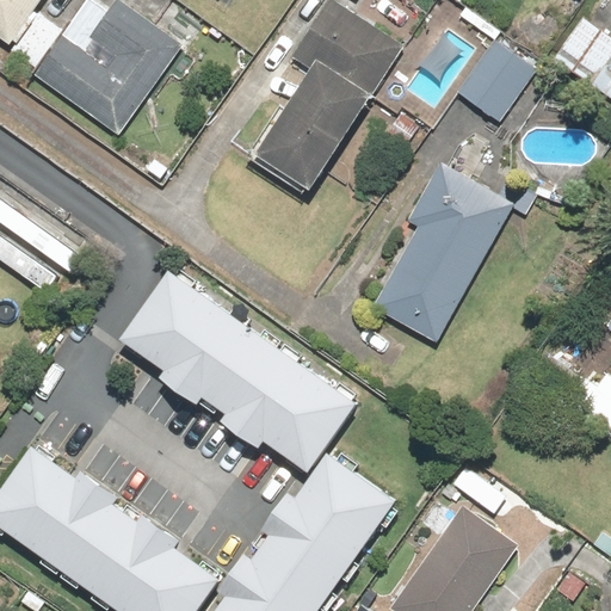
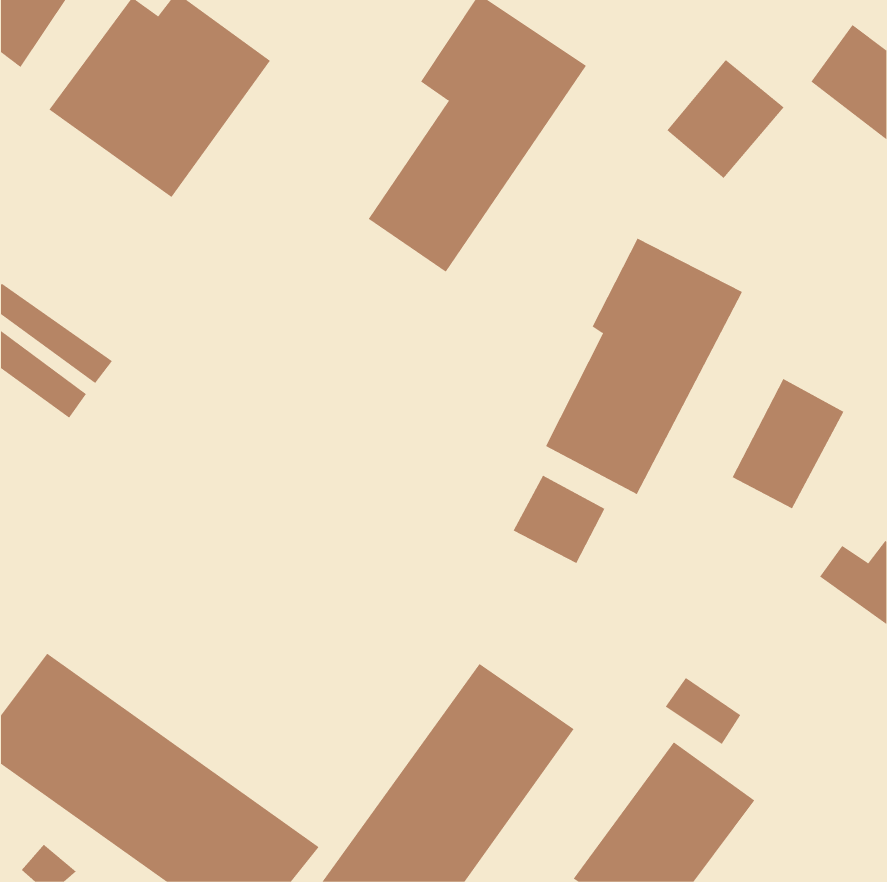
building: none -> [732,378,844,509]
building: [117,274,353,474] -> none
building: none -> [513,475,605,564]

